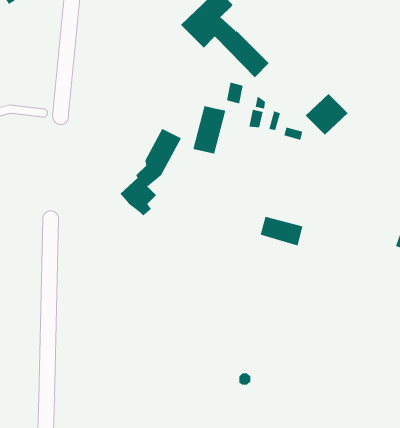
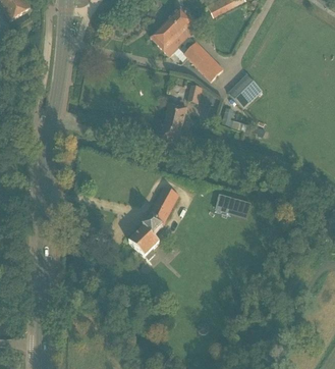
building: [305,93,348,136] -> [227,73,263,108]
building: [119,128,182,216] -> [128,187,179,259]

